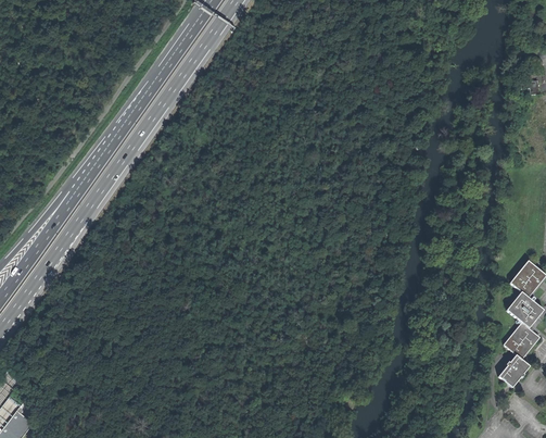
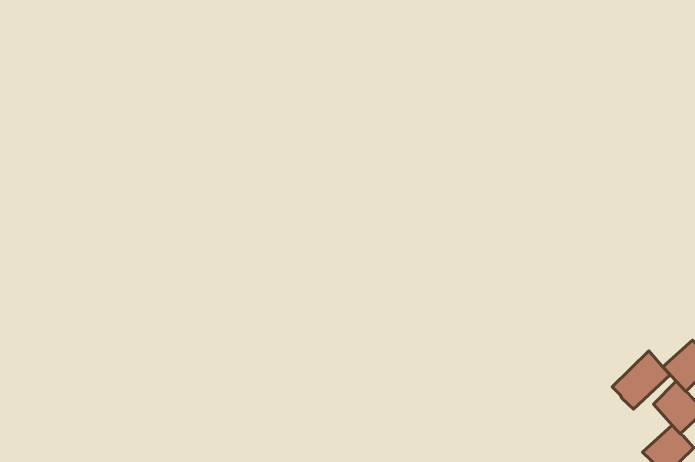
building: none -> [612,351,670,409]

